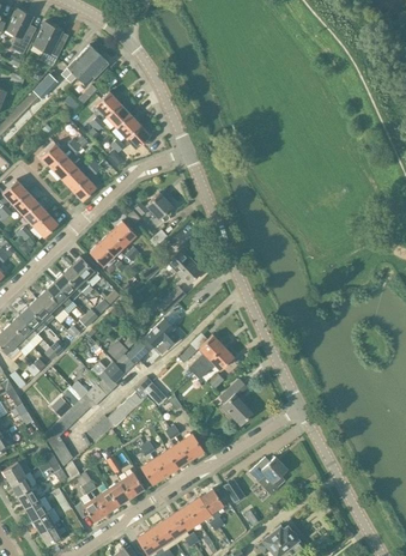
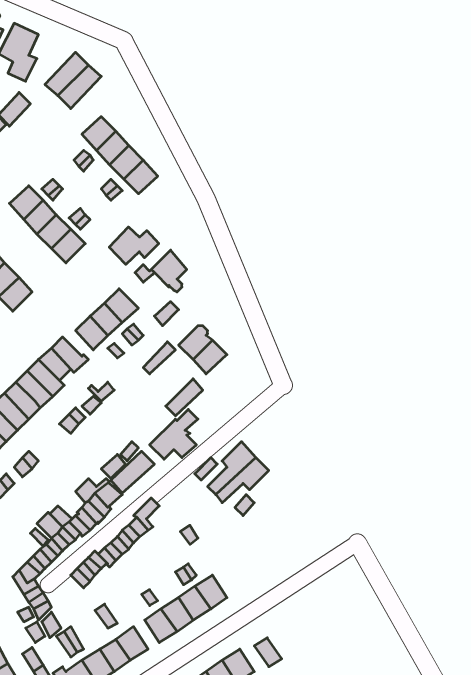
building: none -> [109,227,159,264]
building: [218,379,253,424] -> none
building: [249,458,286,488] -> none

